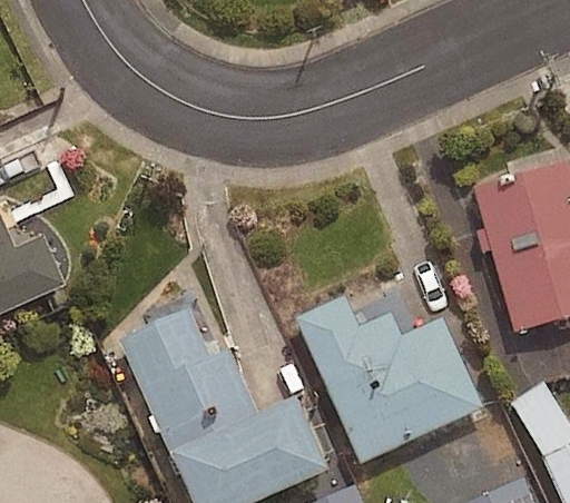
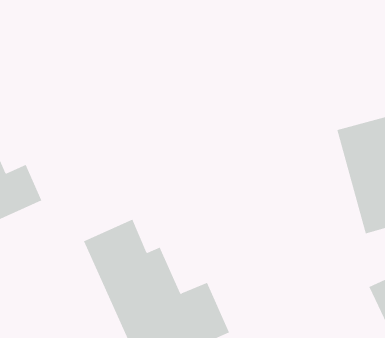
building: [295,296,482,462] -> none

